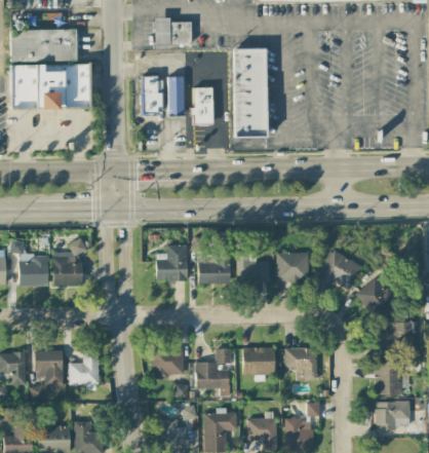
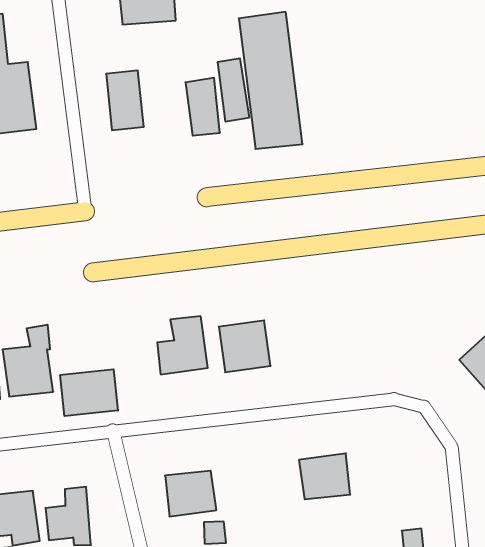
building: [167,75,185,116] -> [217,58,249,121]
building: [318,249,361,290] -> none
building: [236,250,270,281] -> none
building: [276,252,309,280] -> none
building: none -> [60,369,118,416]
building: [284,347,317,380] -> none
building: [196,348,231,395] -> none

